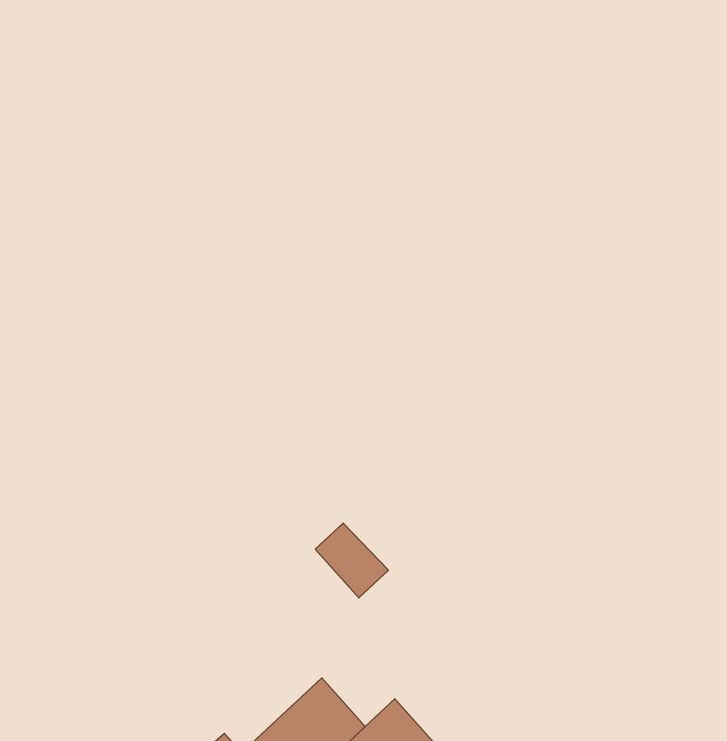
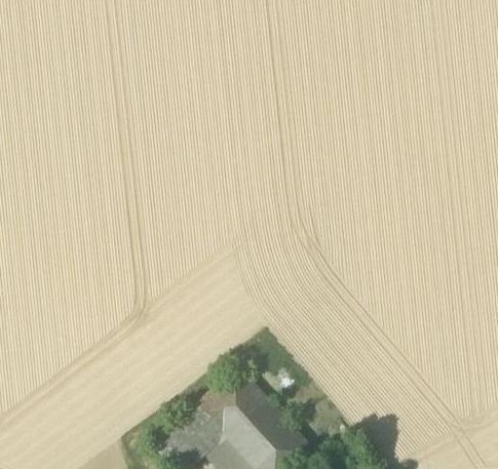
building: [315,523,388,598] -> [235,389,278,433]

